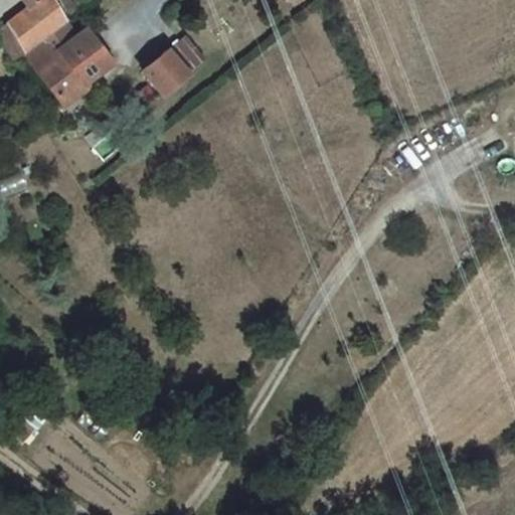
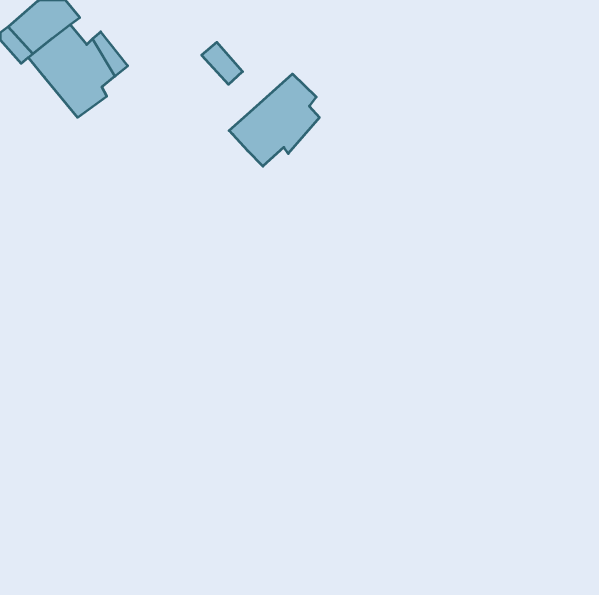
building: [140,47,185,93] -> none
building: none -> [229,74,319,166]

